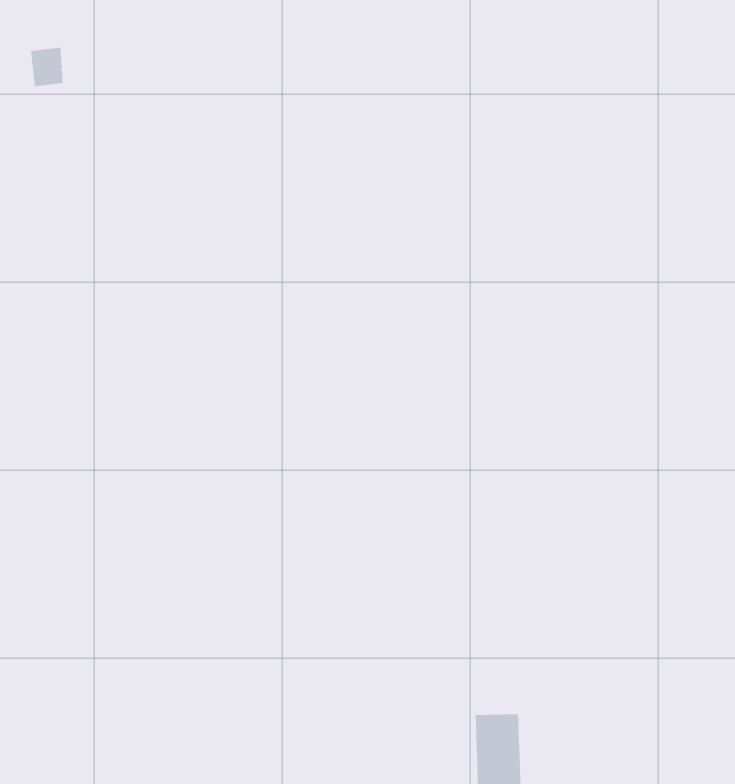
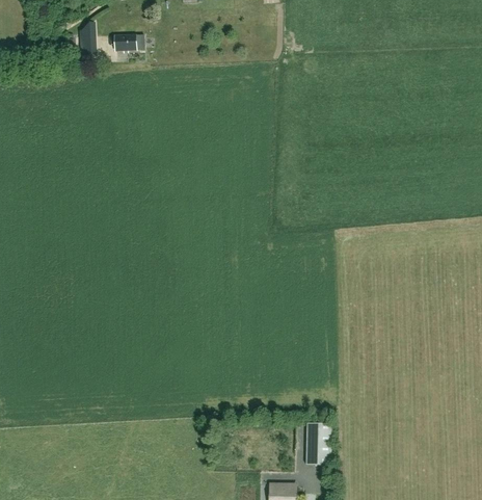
building: none -> [113,34,143,51]

